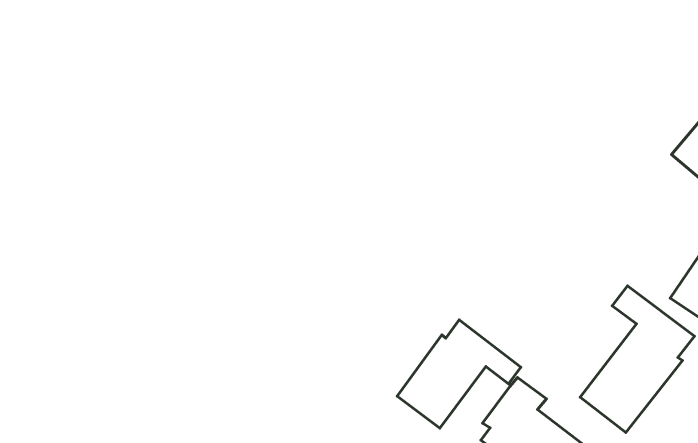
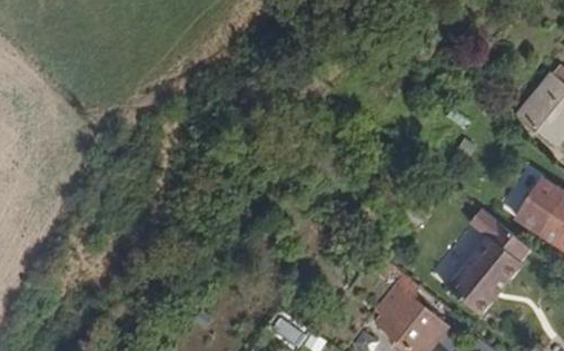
building: [397,320,521,428] -> none

